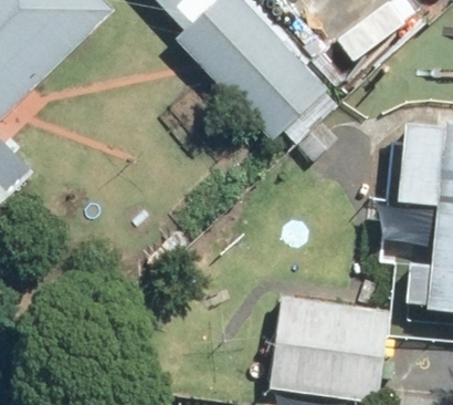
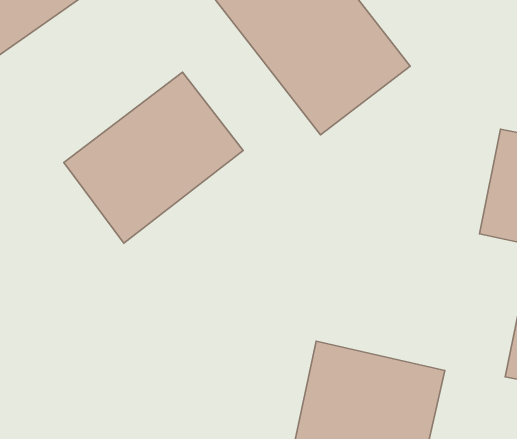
building: none -> [64,72,243,243]

